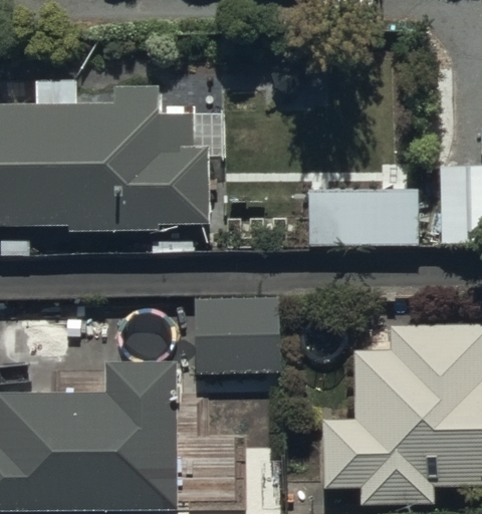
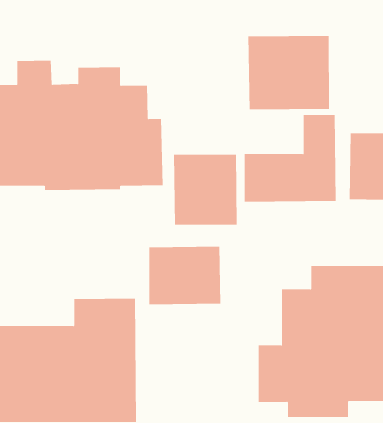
building: none -> [248,35,329,110]
building: none -> [173,154,237,226]

